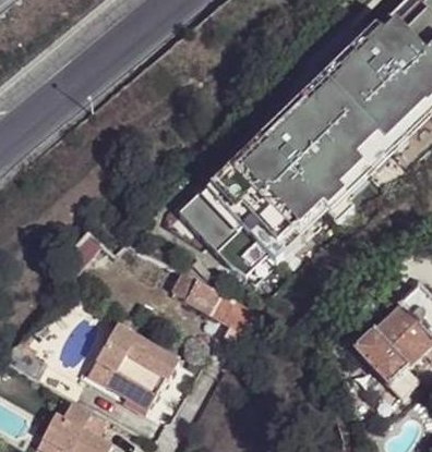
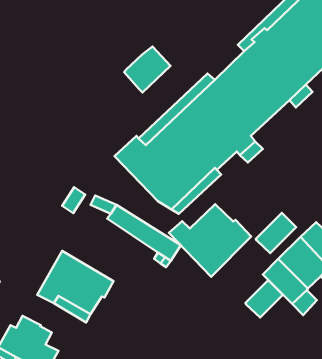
building: none -> [124,47,171,93]
building: none -> [169,204,251,277]
building: none -> [256,213,296,253]
building: none -> [245,280,283,318]

